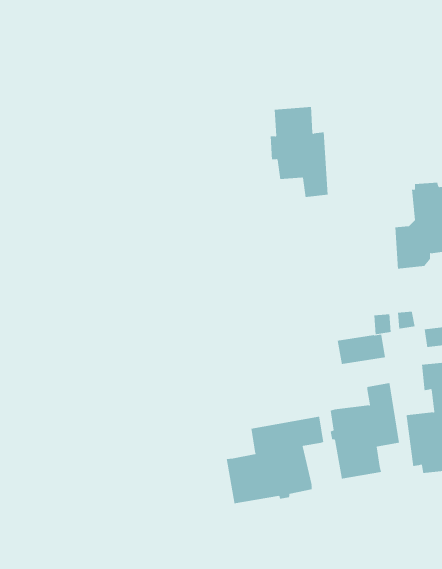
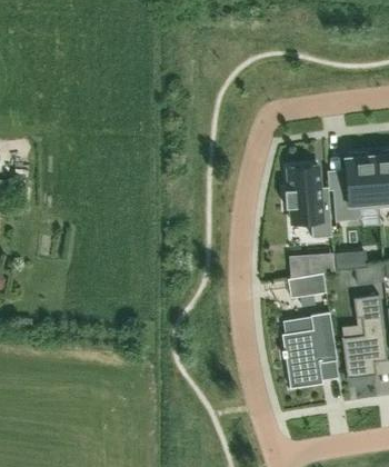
building: [270,107,329,198] -> [286,165,332,237]
building: [226,416,324,504] -> none

